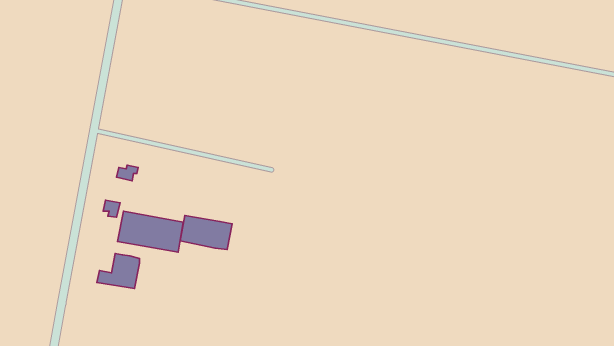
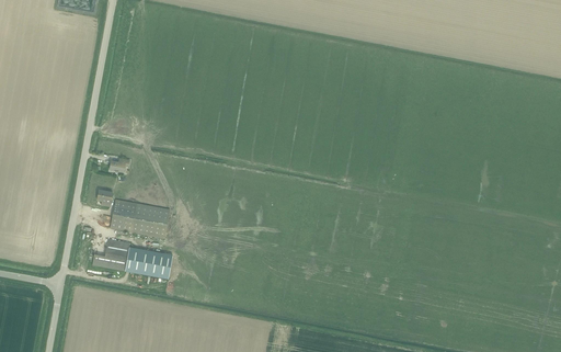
building: [180,215,232,249] -> [124,246,171,276]

